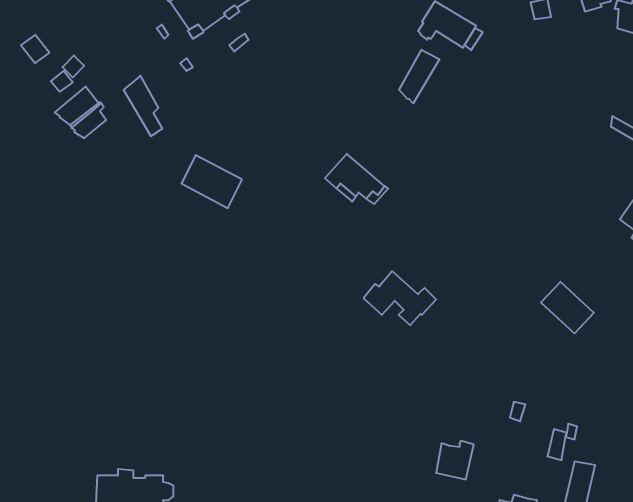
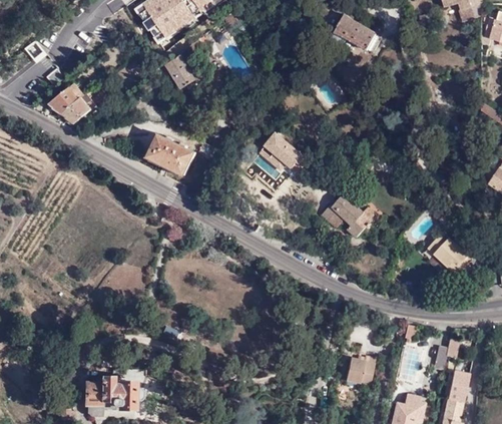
building: [399,50,439,103] -> none
building: [124,76,162,136] -> [166,53,196,100]
building: [364,271,436,325] -> [322,191,378,234]

